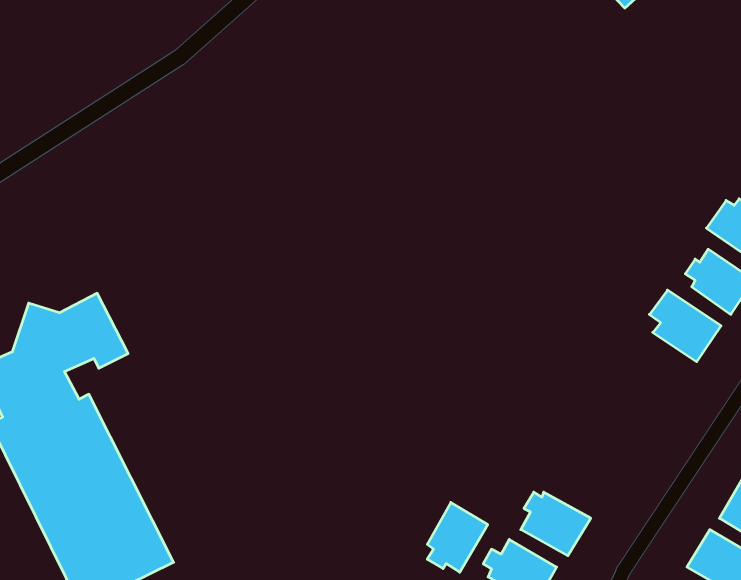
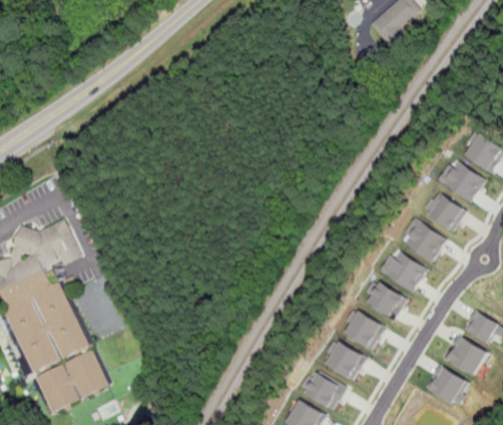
building: none -> [380,251,426,292]
building: none -> [364,282,407,322]
building: none -> [345,310,386,351]
building: [427,502,488,572] -> none

